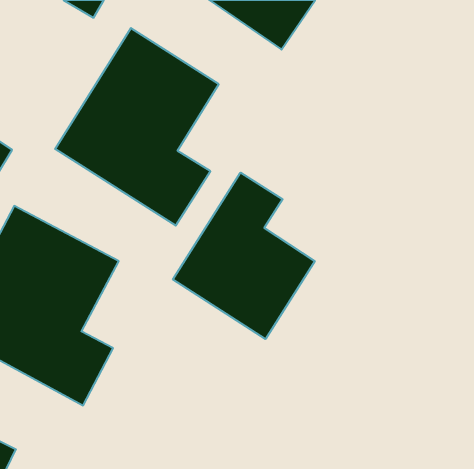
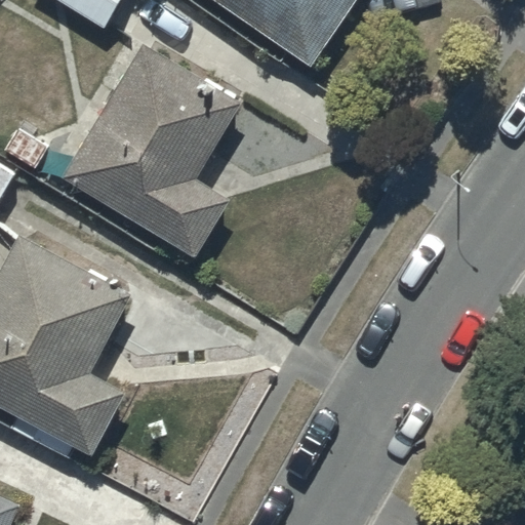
building: [173,173,315,339] -> none

